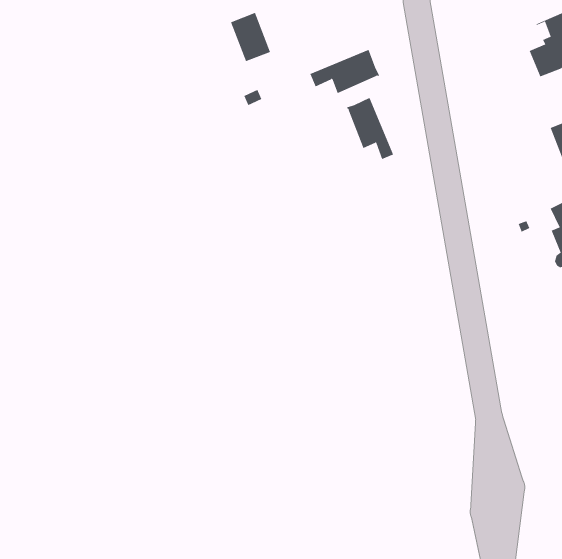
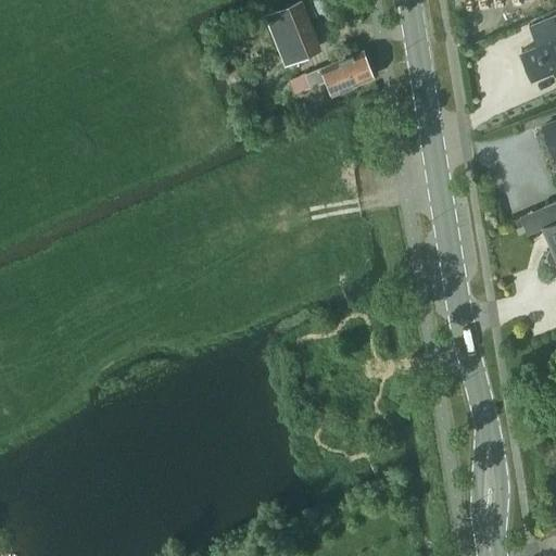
building: [230,12,271,62] -> [274,9,314,58]
building: [346,97,394,160] -> none

